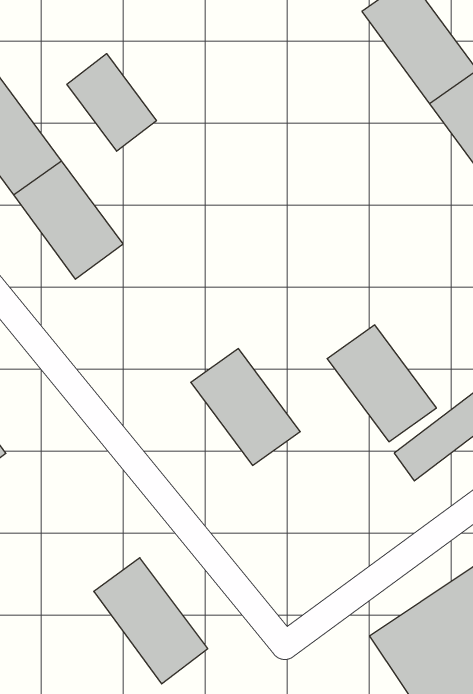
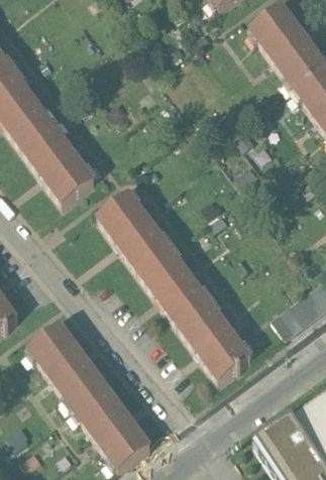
building: [67,54,156,151] -> none
building: none -> [100,196,172,272]
building: [327,325,436,442] -> [181,305,252,381]
building: none -> [32,327,107,409]

